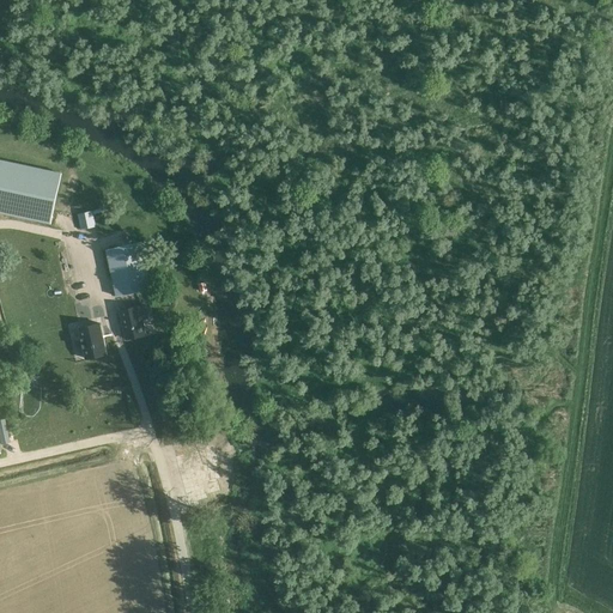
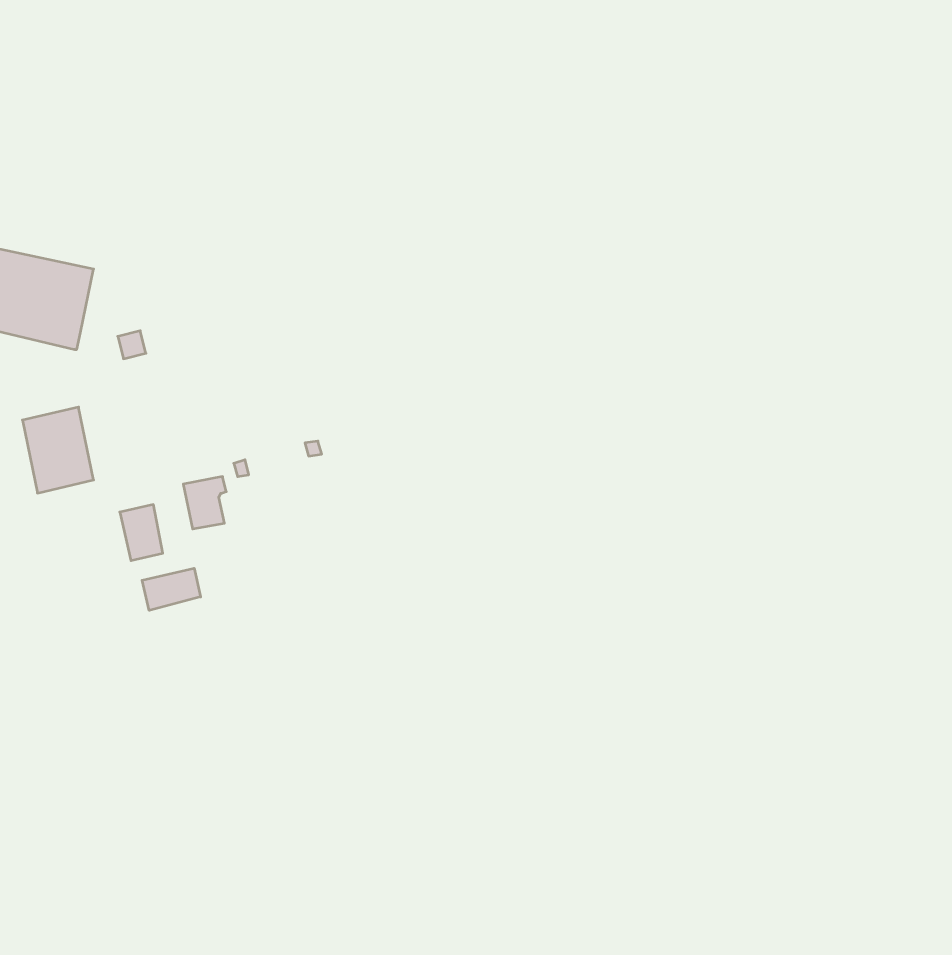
building: [104,242,150,297] -> [22,407,94,493]
building: none -> [142,568,201,610]

